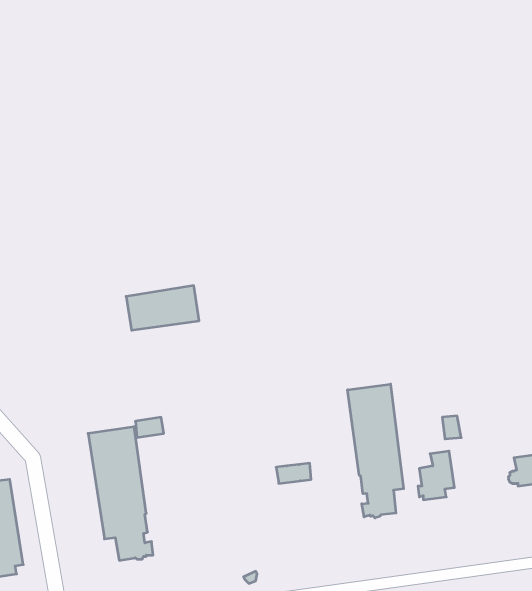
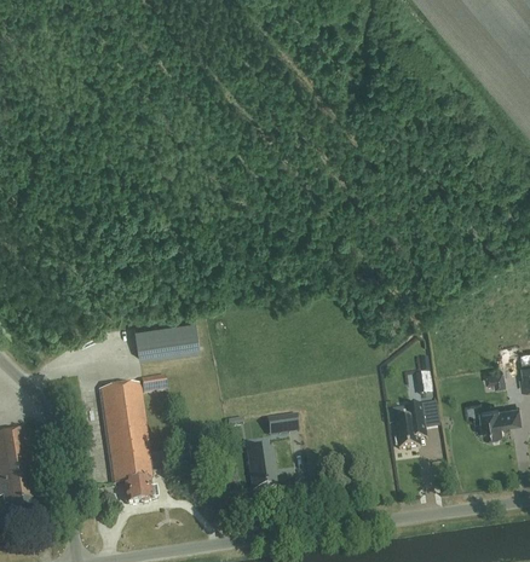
building: [126,286,199,330] -> [133,319,198,359]
building: [348,384,404,518] -> none
building: none -> [246,448,275,489]

